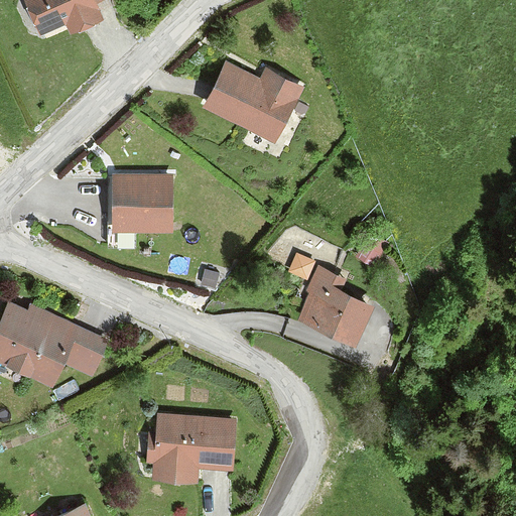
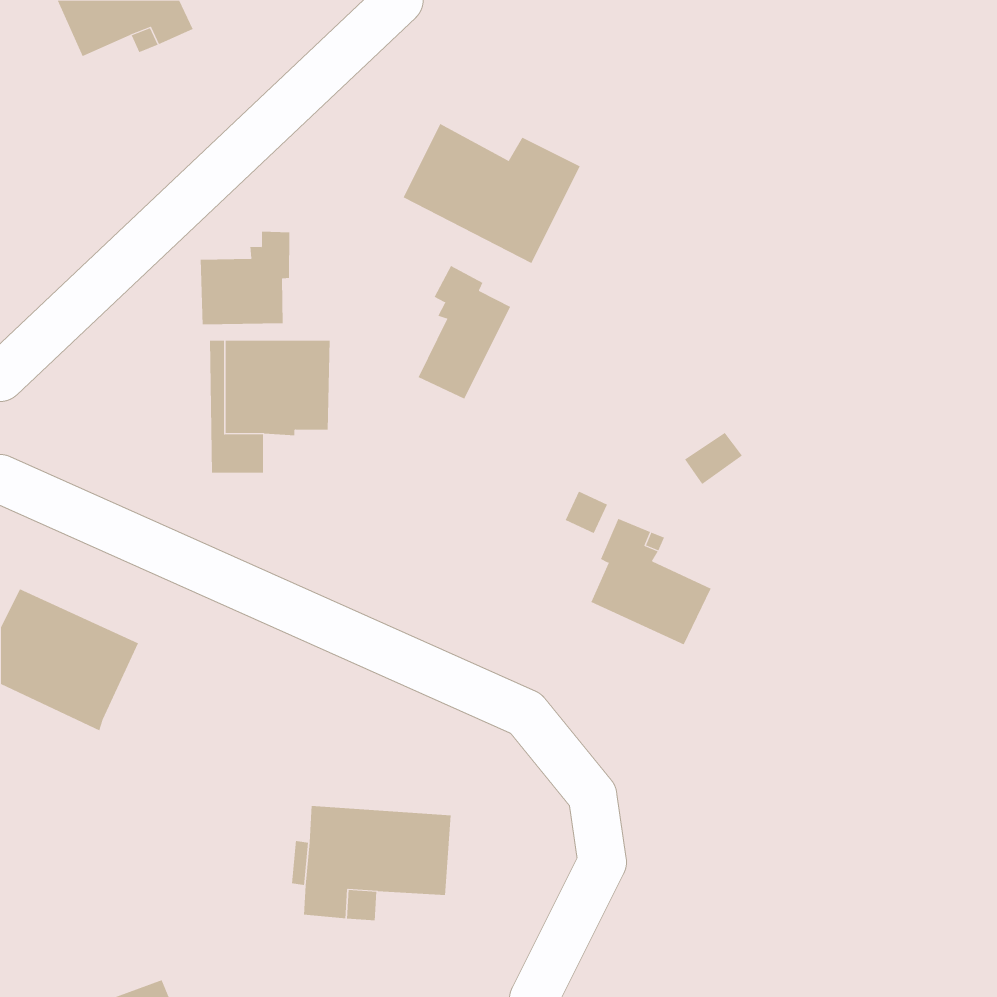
building: none -> [200,231,290,325]
building: none -> [418,265,511,399]
building: [11,298,105,386] -> none

